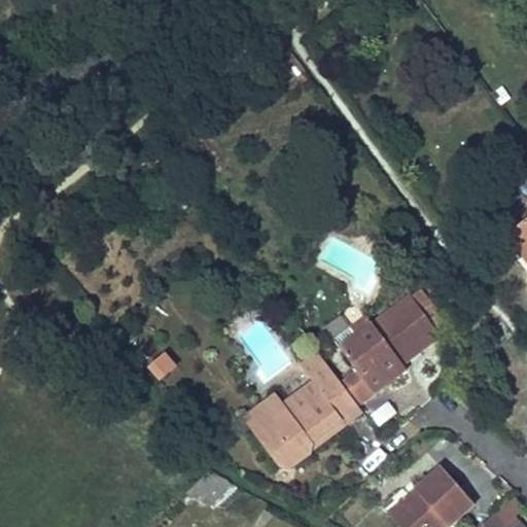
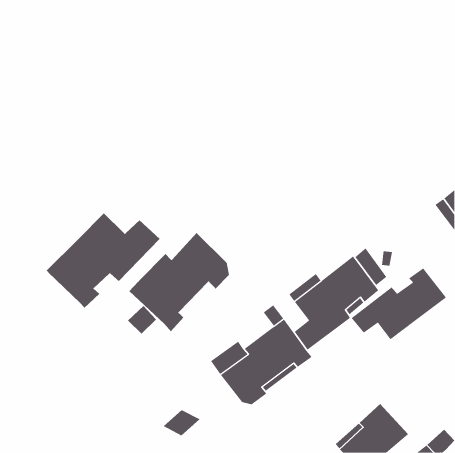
building: none -> [46,213,160,308]
building: none -> [129,232,229,332]
building: none -> [351,267,447,340]

